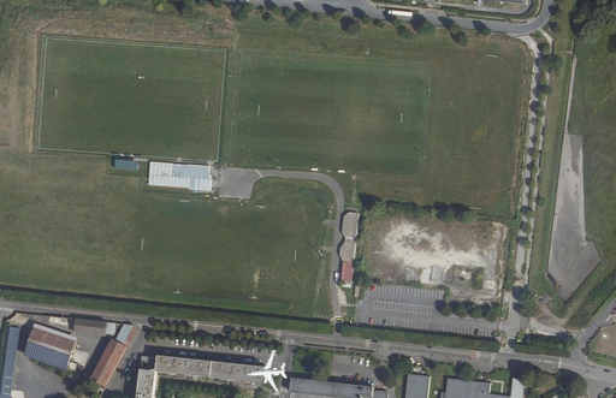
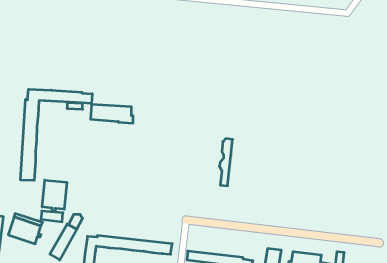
building: none -> [21,89,92,180]
building: none -> [42,180,67,211]

